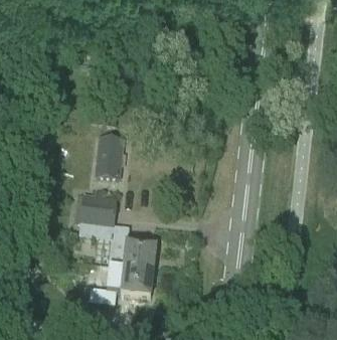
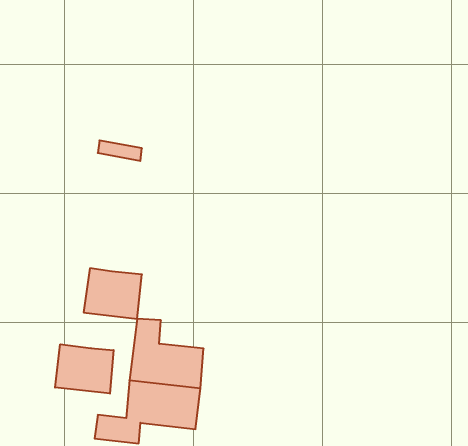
building: [95,136,124,178] -> none
building: none -> [55,344,114,394]

